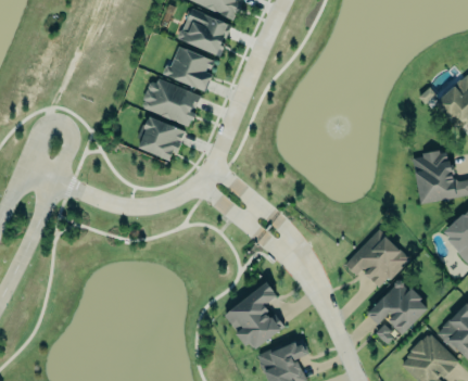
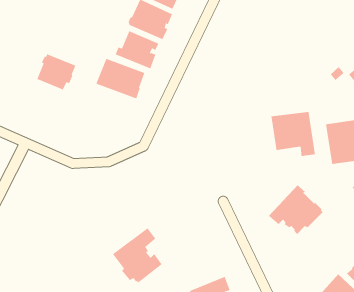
building: [139,117,186,161] -> [37,53,76,90]
building: none -> [271,111,315,157]
building: [368,280,429,345] -> none
building: [226,283,286,350] -> [112,228,163,284]

